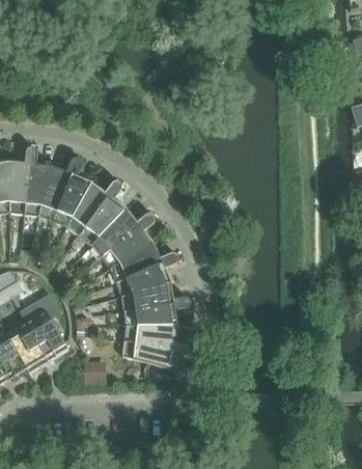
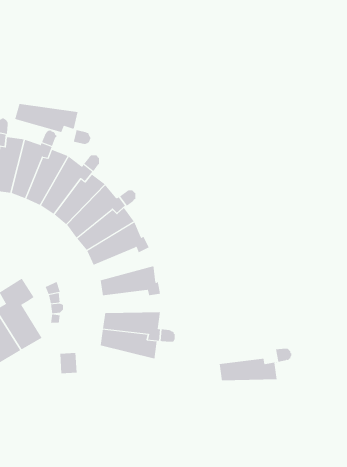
building: none -> [15,103,91,145]
building: [116,251,179,295] -> none
building: [124,295,192,325] -> [219,348,292,381]

